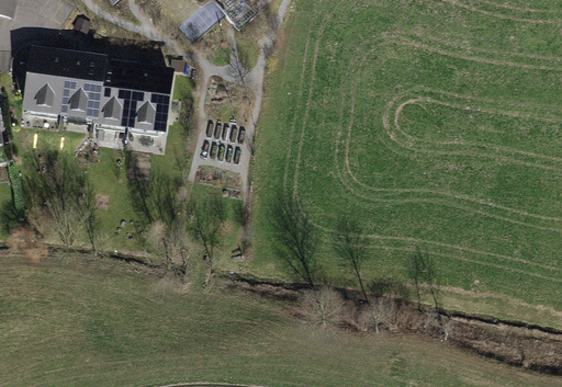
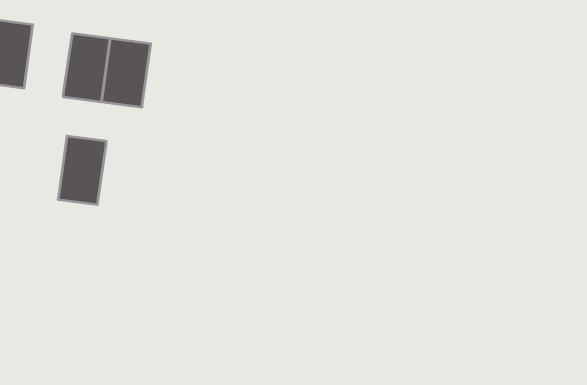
building: [55,56,97,115] -> [58,136,106,205]

